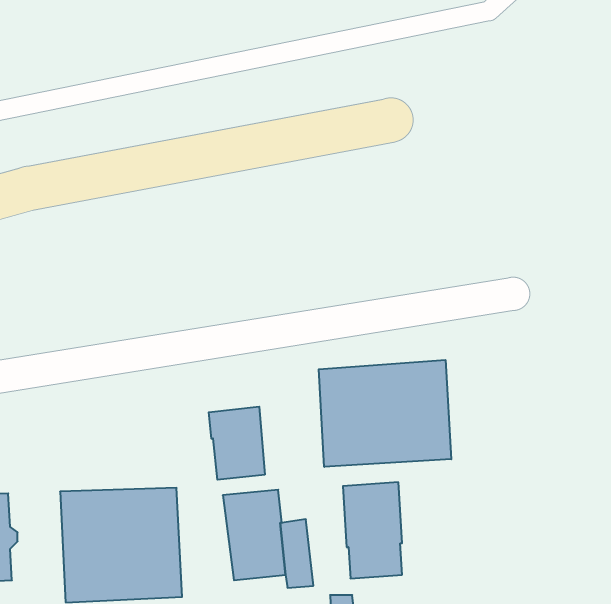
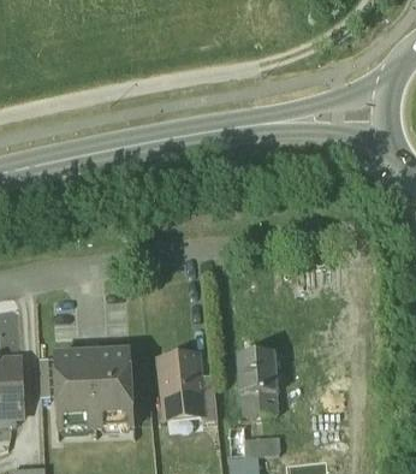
building: [319,360,451,467] -> none
building: [209,407,265,480] -> none

